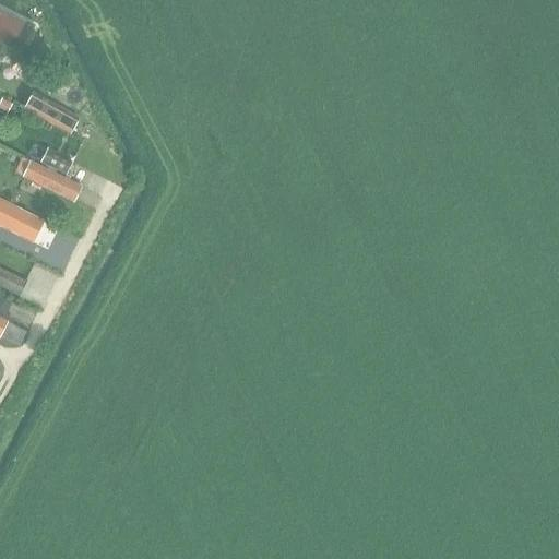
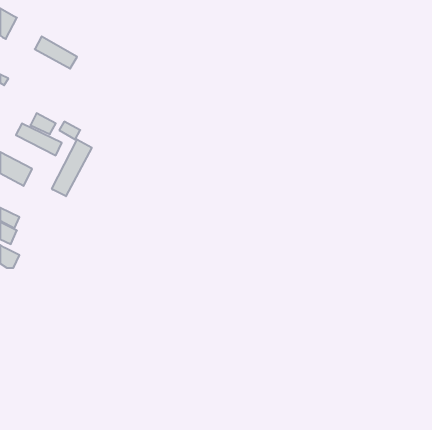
building: [23,90,78,131] -> [35,36,77,69]
building: none -> [52,139,92,196]

